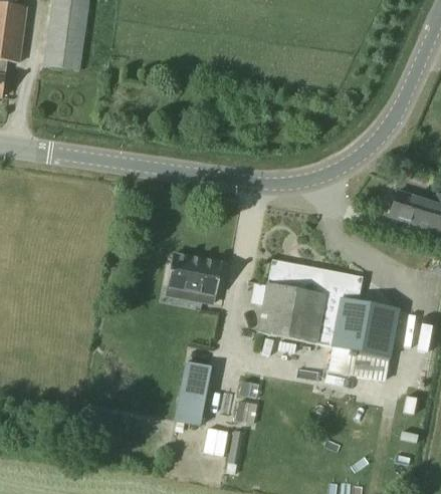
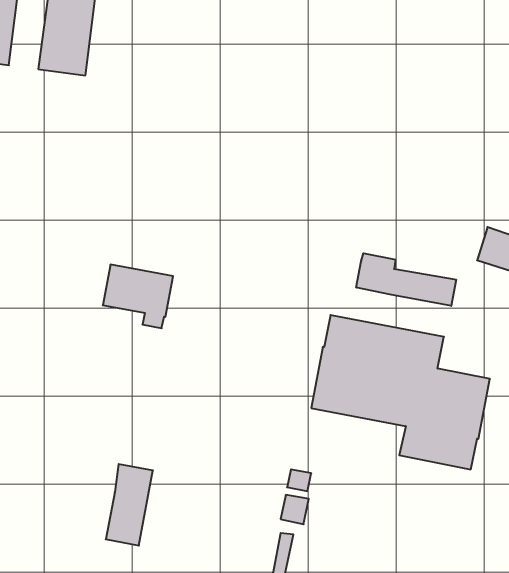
building: none -> [356,253,456,306]
building: [166,253,221,303] -> [103,265,173,328]
building: [174,360,211,425] -> [106,464,153,546]

